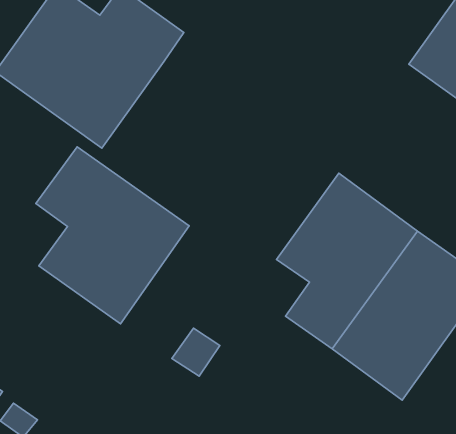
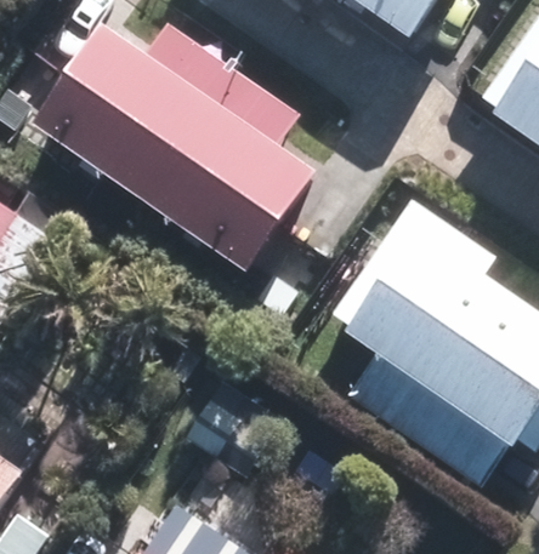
building: none -> [144,72,322,276]
building: [36,147,189,324] -> none

